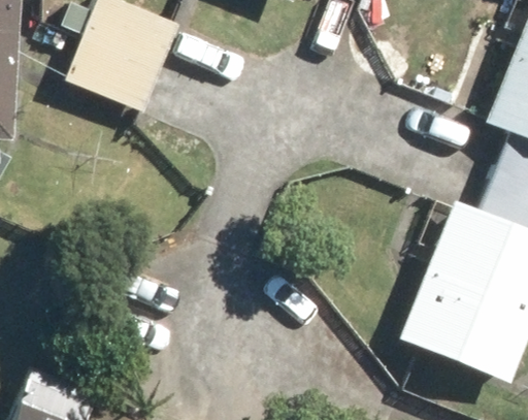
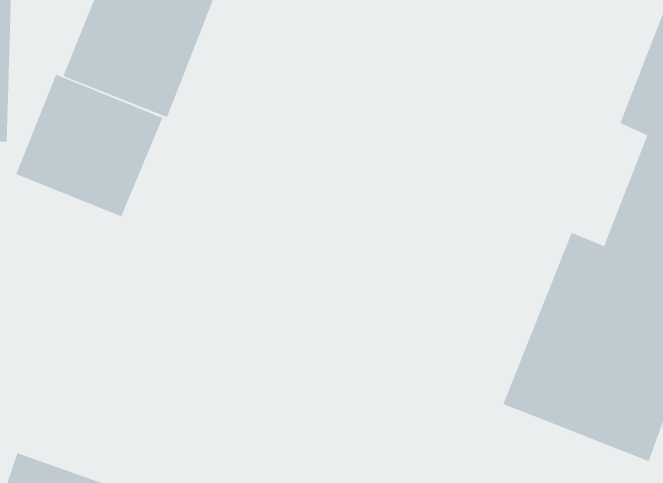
building: none -> [15,74,163,217]

